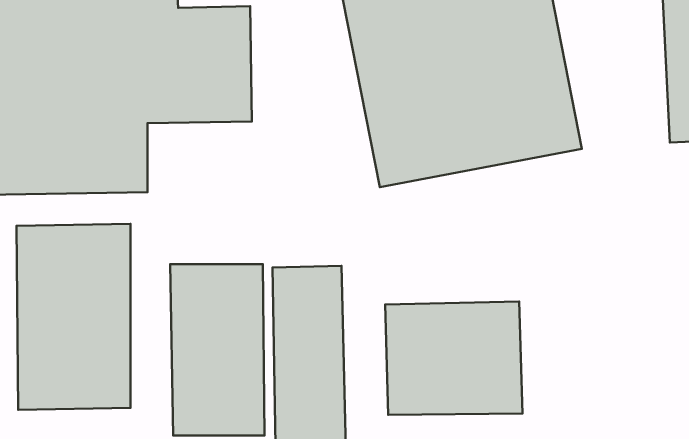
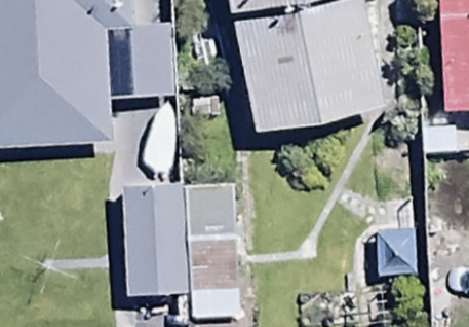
building: [17,224,131,410] -> none
building: [385,302,522,415] -> none

